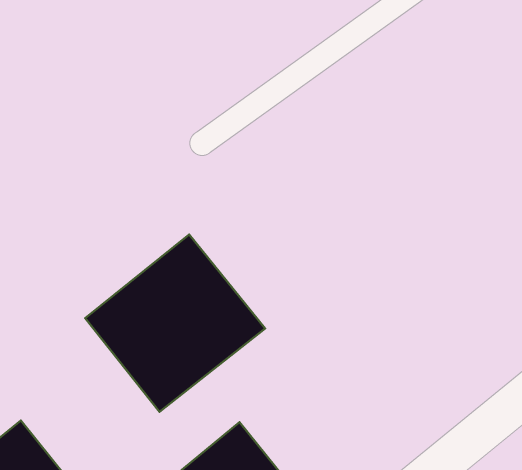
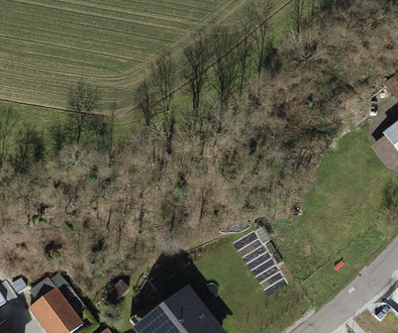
building: [85,235,265,412] -> none

